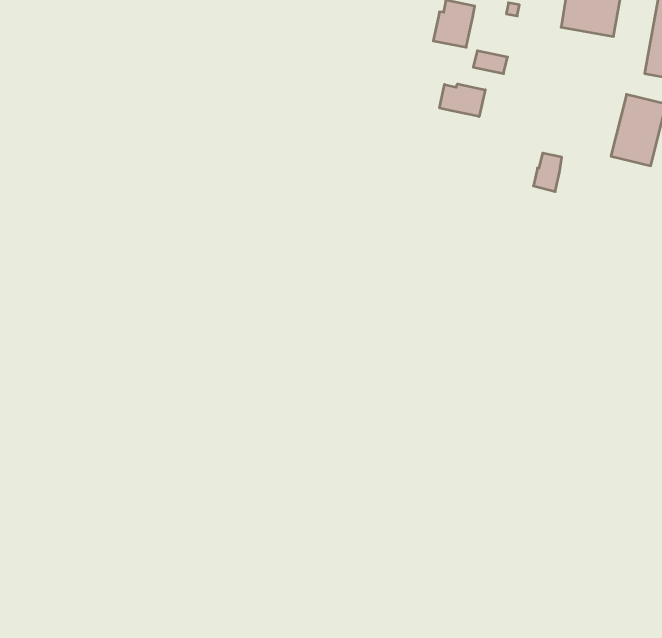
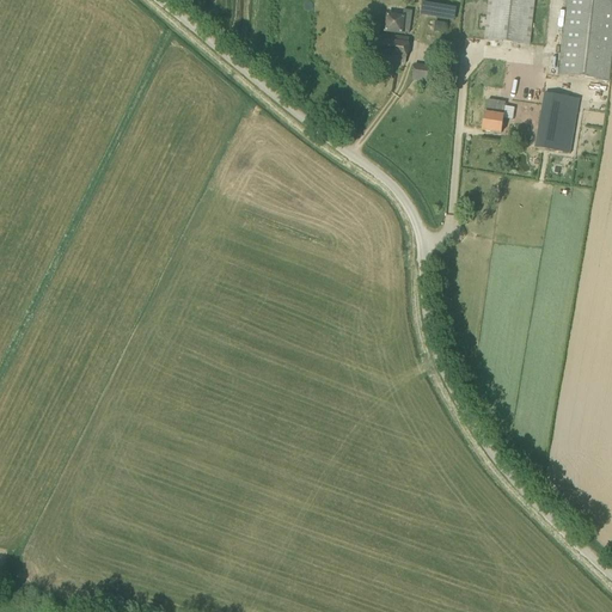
building: [440,84,485,117] -> none
building: [533,153,562,192] -> [483,97,506,129]

